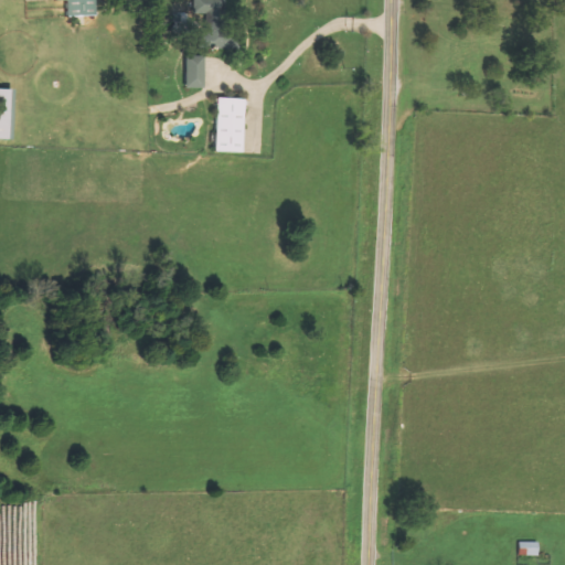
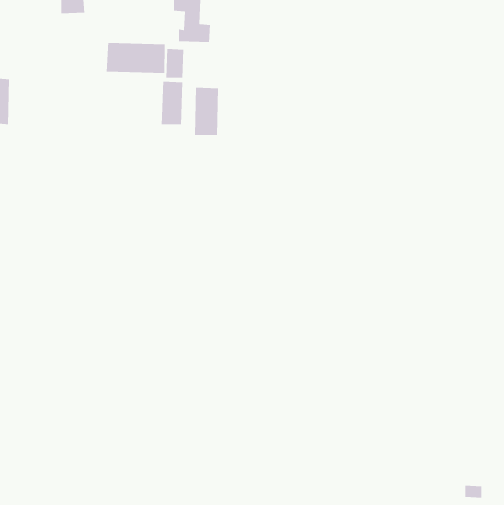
building: none -> [106,42,165,74]
building: none -> [161,81,183,125]

